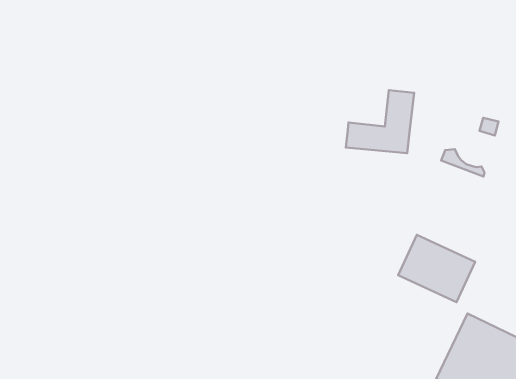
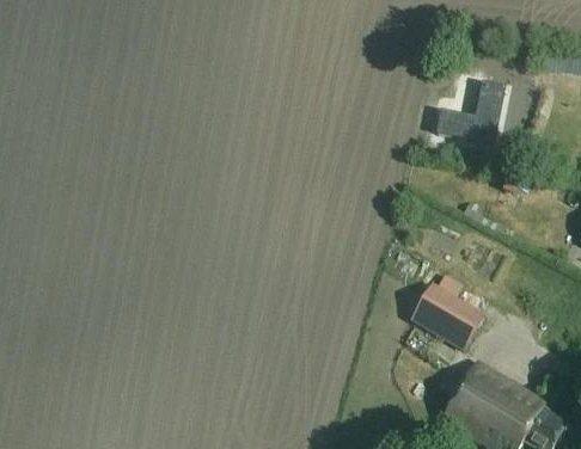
building: [346,90,414,153] -> [434,80,504,142]

